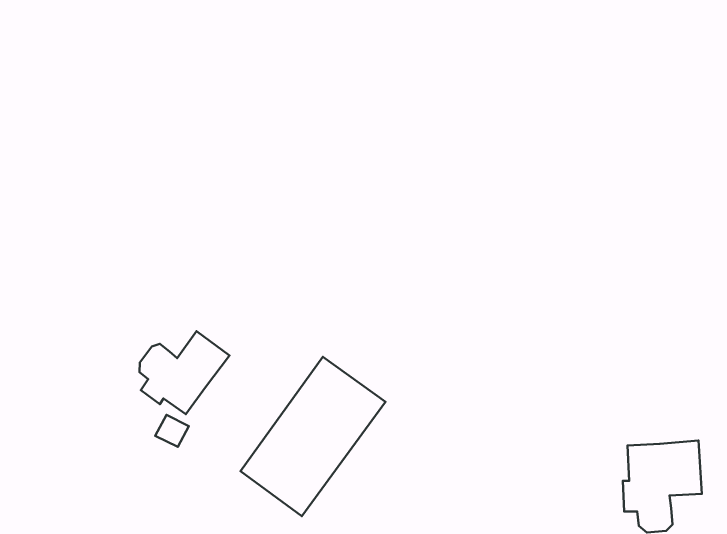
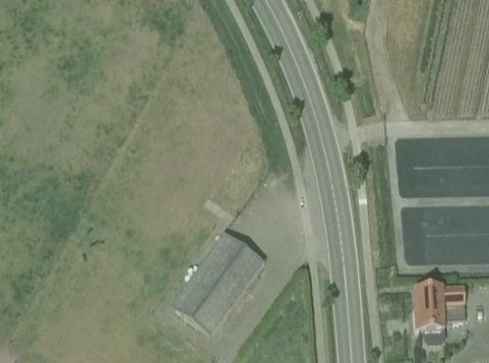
building: [139,331,230,414] -> none

